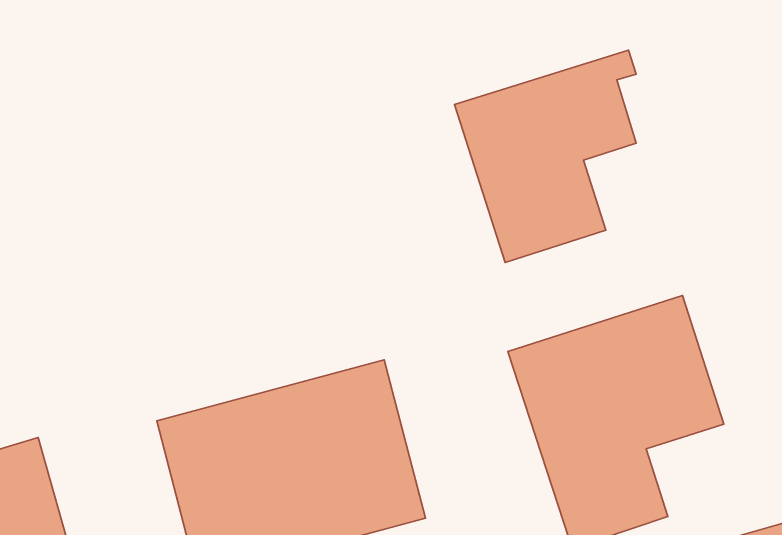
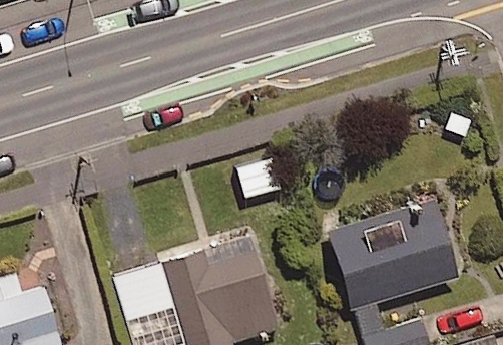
building: [455,50,636,263] -> none

